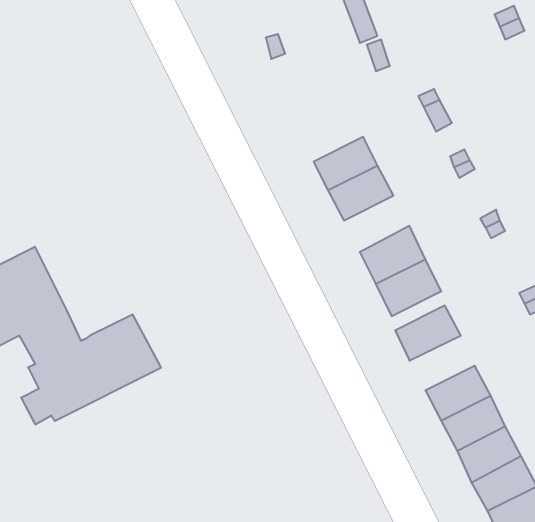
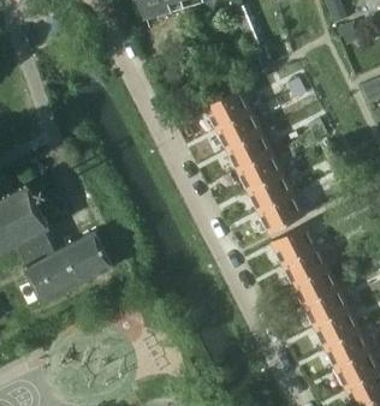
building: none -> [207,84,260,127]
building: none -> [238,150,283,189]
building: none -> [283,245,327,282]

